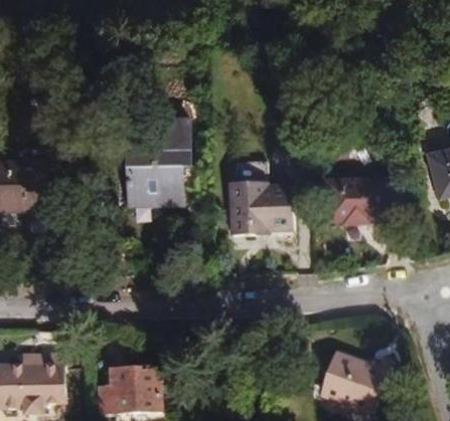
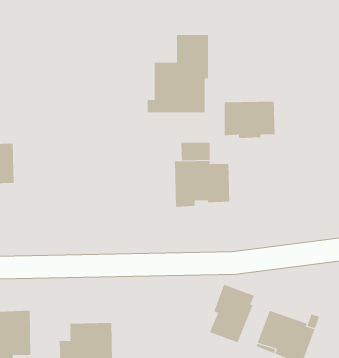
building: [119,119,189,207] -> [147,35,209,113]
building: [328,182,387,224] -> [224,101,275,138]
building: none -> [209,284,255,343]

